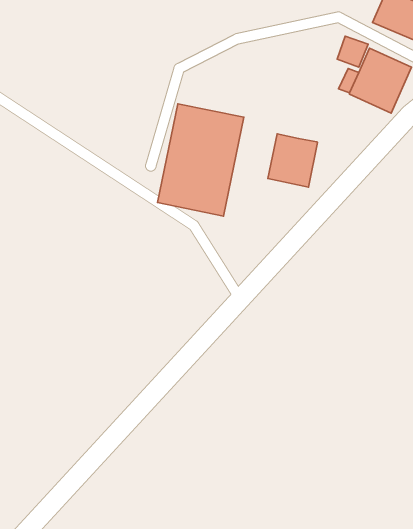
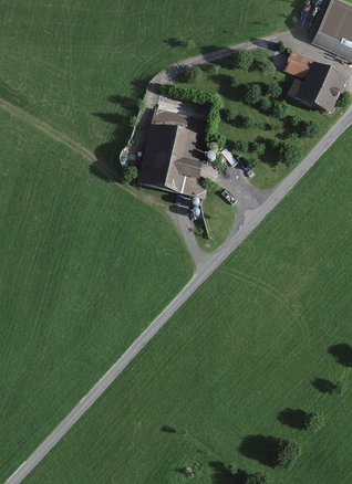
building: [268,134,318,187] -> none

